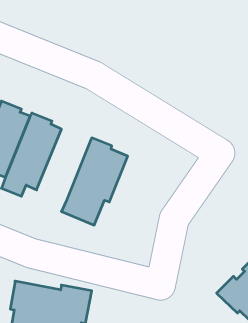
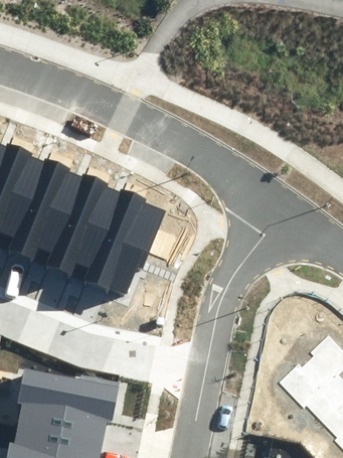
building: none -> [45,173,118,276]

